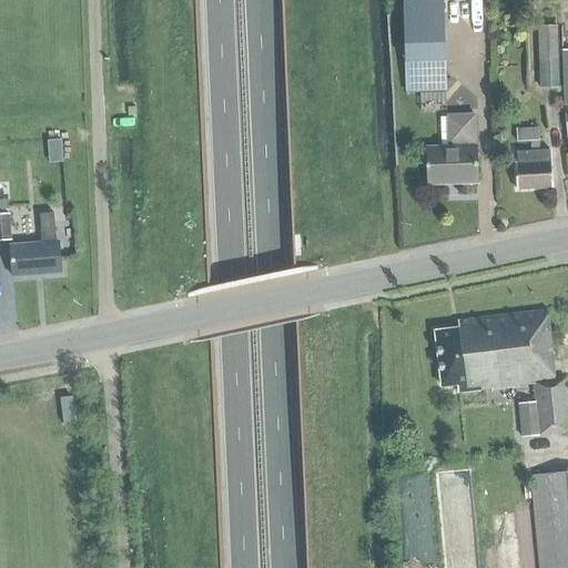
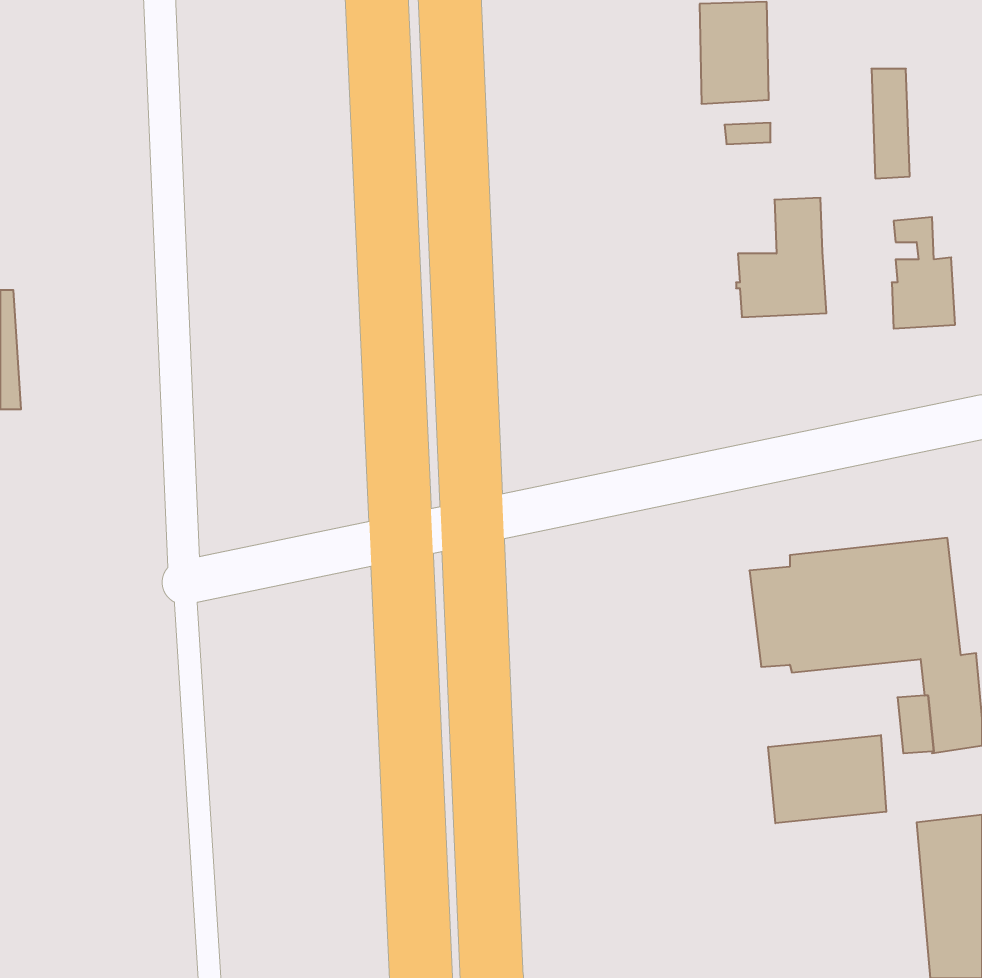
building: [537,24,559,88] -> [871,69,910,178]
building: [9,209,61,275] -> none
building: none -> [768,735,886,823]

